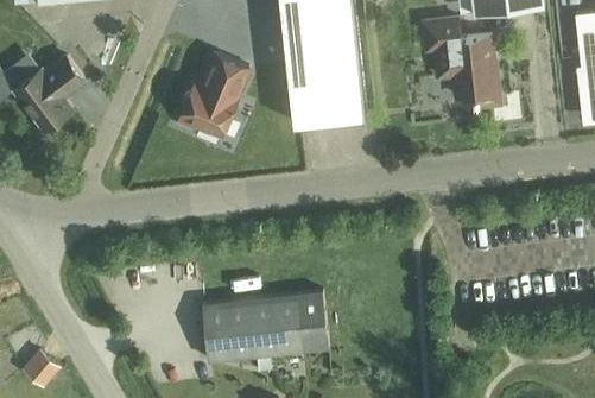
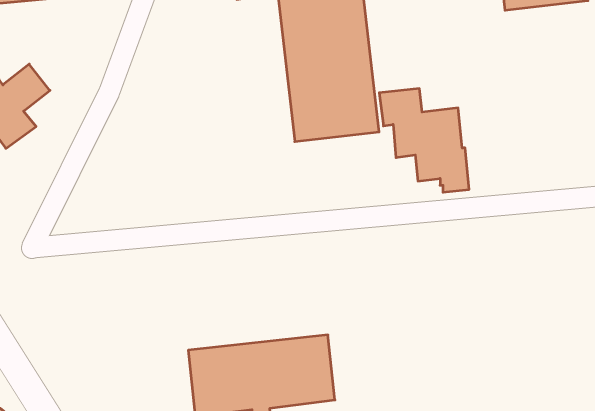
building: [423,19,500,108] -> [379,89,469,192]
building: [177,57,248,137] -> none

